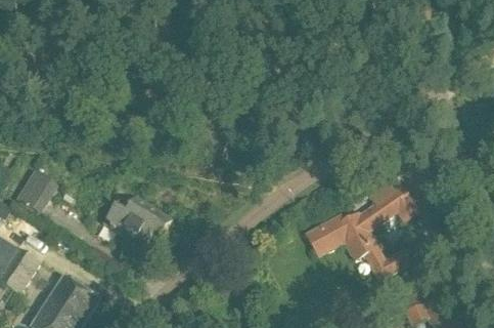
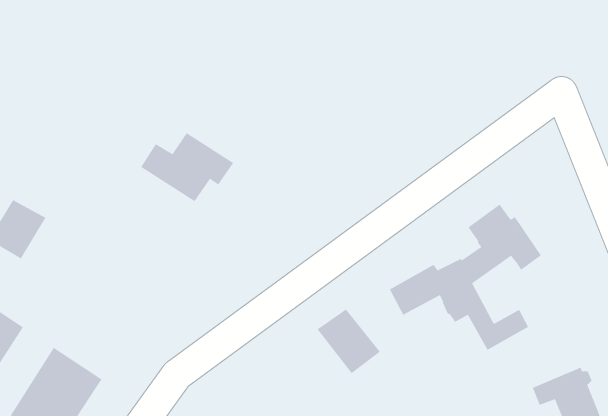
building: [101,196,170,247] -> [140,132,234,202]
building: none -> [316,308,381,374]

